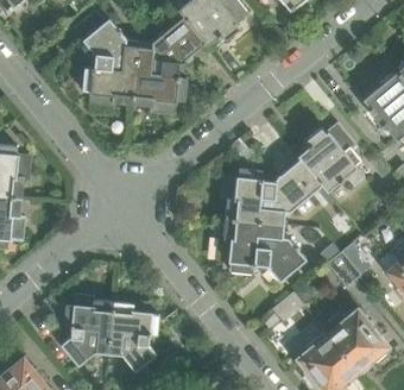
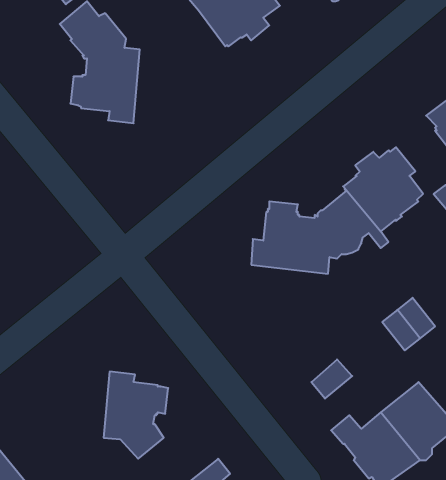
building: [132,15,204,106] -> none
building: [222,216,307,283] -> none
building: [61,298,113,365] -> none

